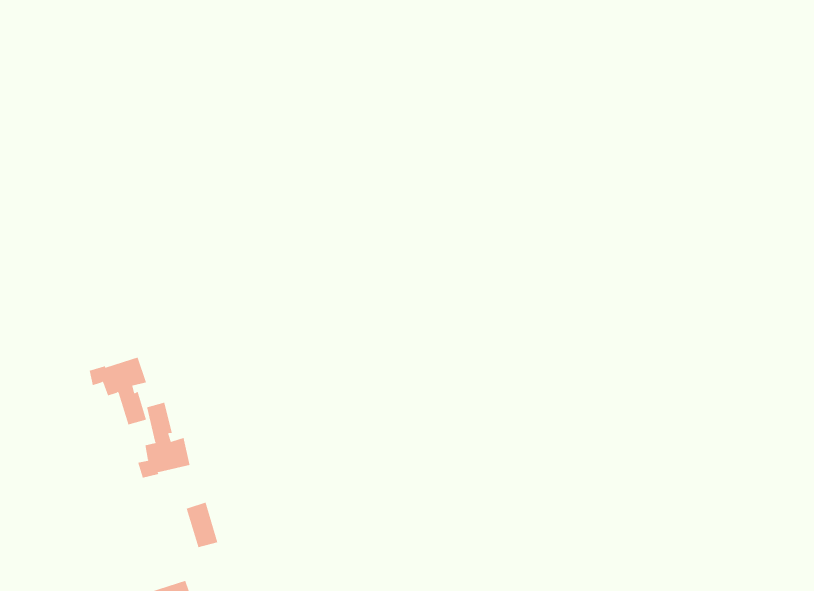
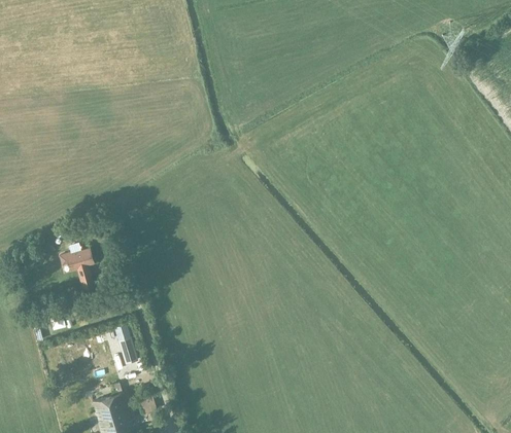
building: [137,402,190,478] -> none

